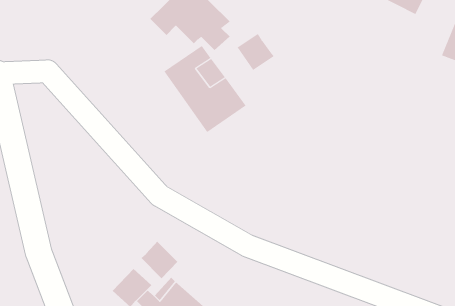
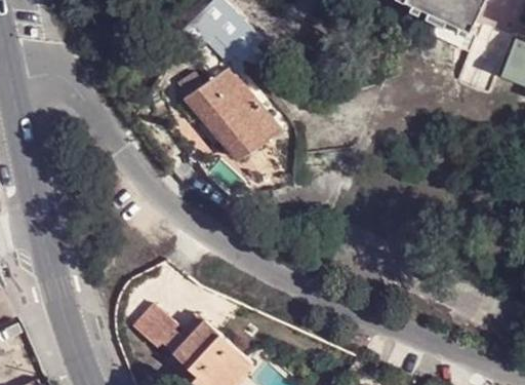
building: [237,33,274,71] -> none
building: [141,241,178,279] -> none

